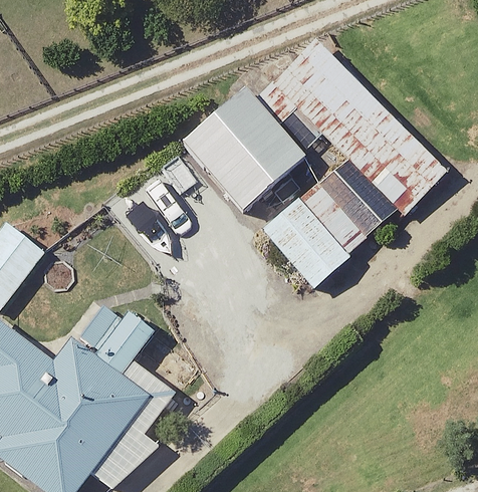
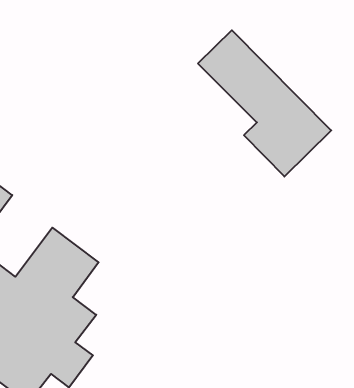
building: [186,91,304,210] -> none
building: [263,182,370,288] -> none

